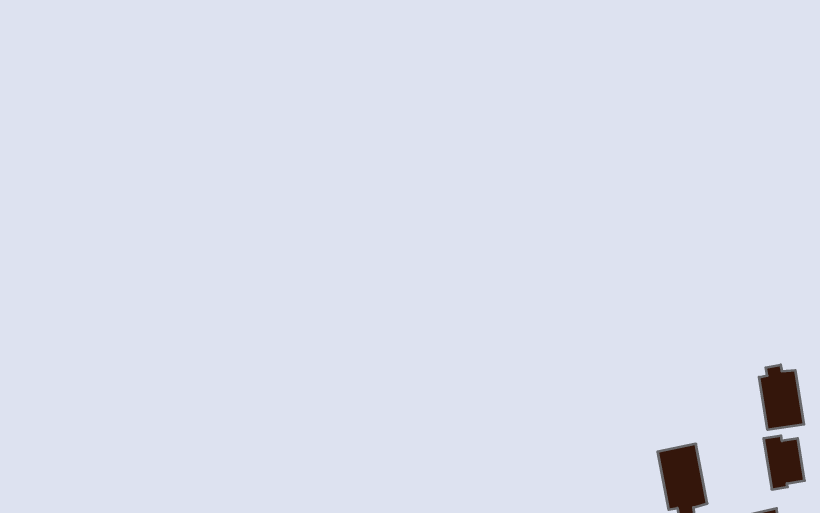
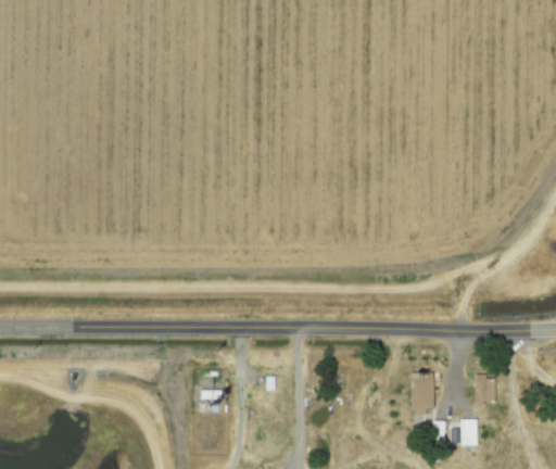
building: [759,365,804,430] -> none

